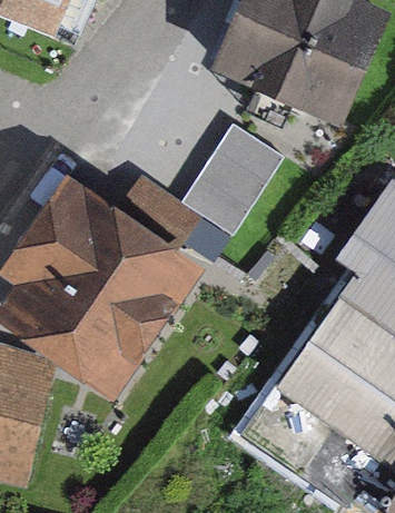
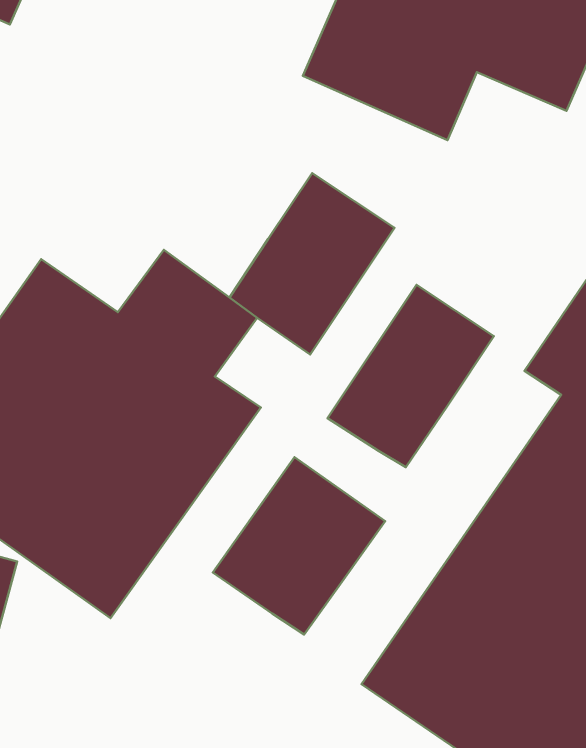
building: none -> [328,285,494,467]
building: none -> [213,457,385,634]

